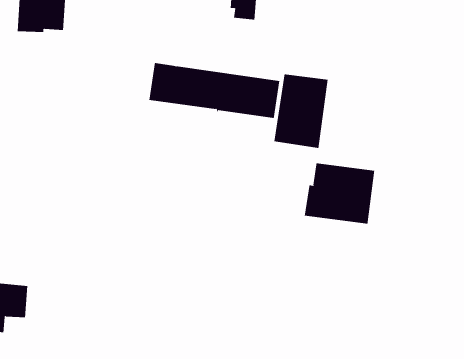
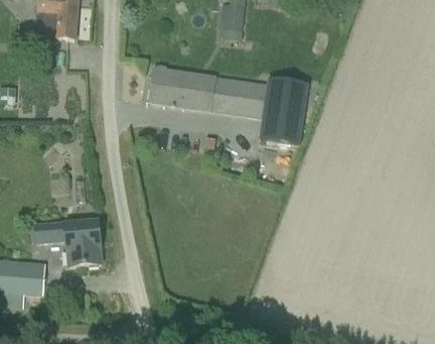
building: [304,163,375,225] -> none
building: none -> [33,219,101,266]

